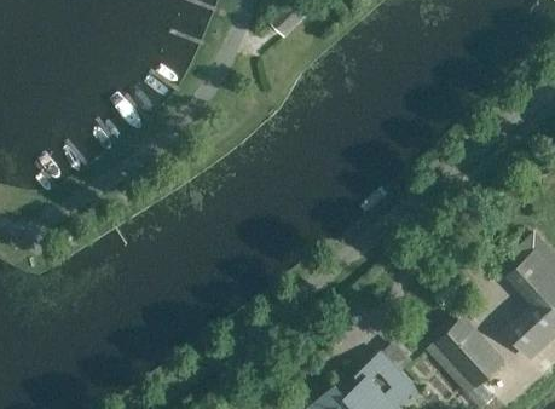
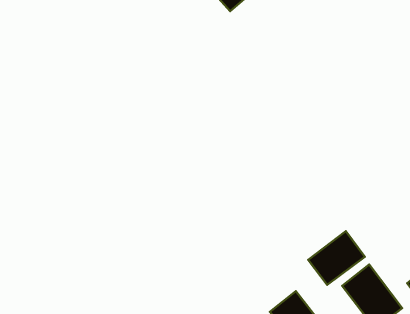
building: none -> [308,231,365,285]

